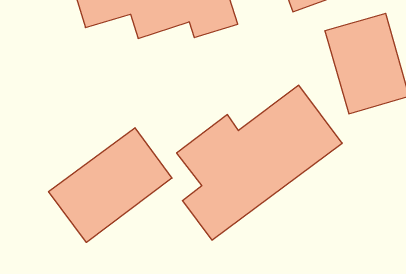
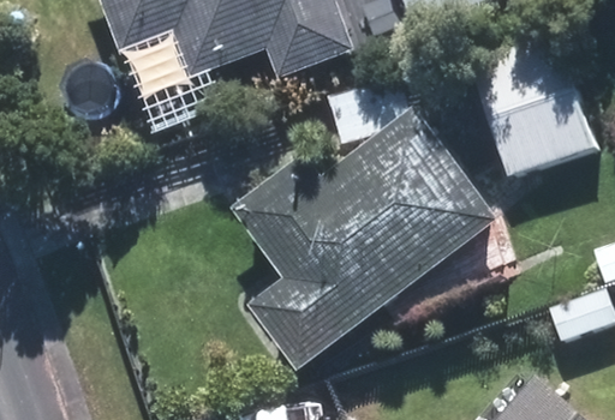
building: [49,128,172,242] -> none

